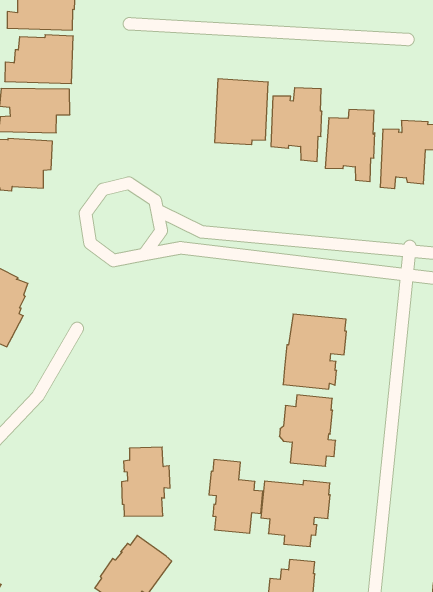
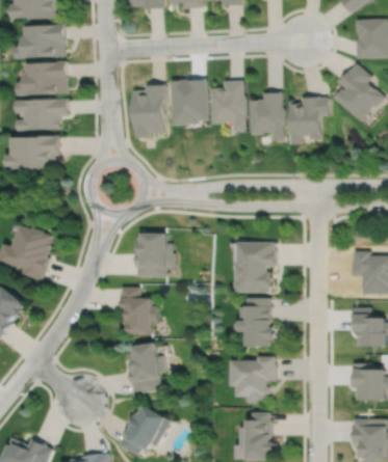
building: none -> [131,85,164,139]
building: none -> [133,230,173,278]
building: [209,460,263,533] -> [118,289,155,337]

